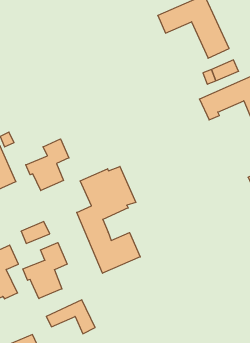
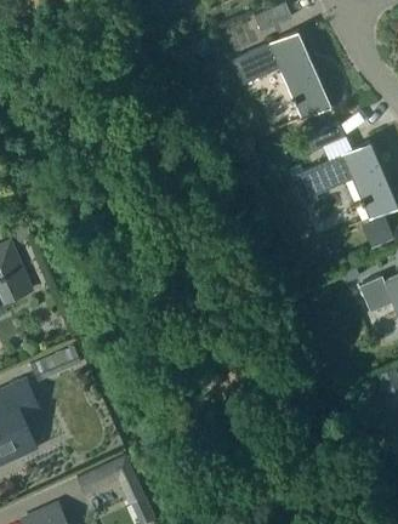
building: [26,139,69,191] -> none
building: [77,166,140,273] -> none
building: [23,243,67,299] -> none

